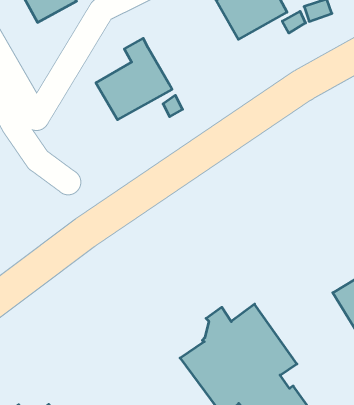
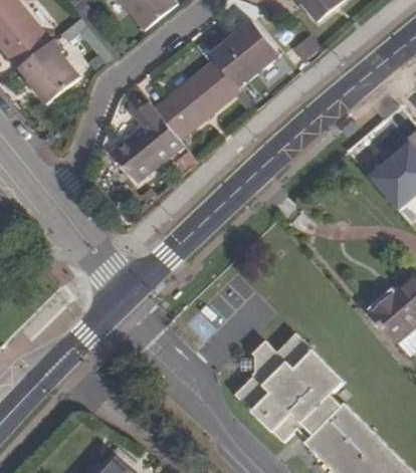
building: none -> [154,59,238,140]

